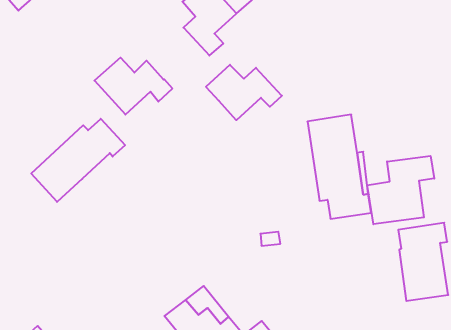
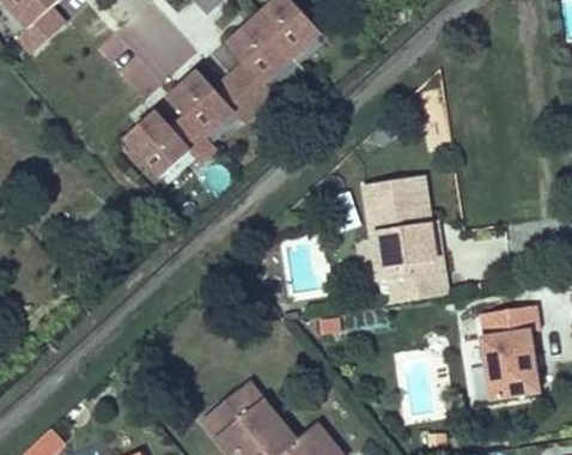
building: [206,65,282,120] -> [165,69,256,135]
building: [31,119,125,202] -> none
building: [367,156,434,224] -> none

